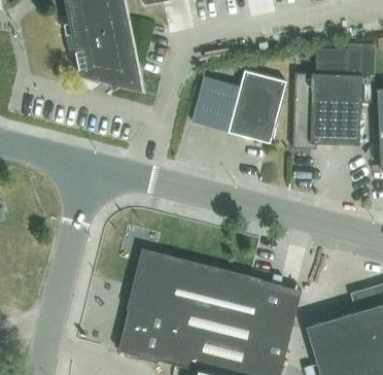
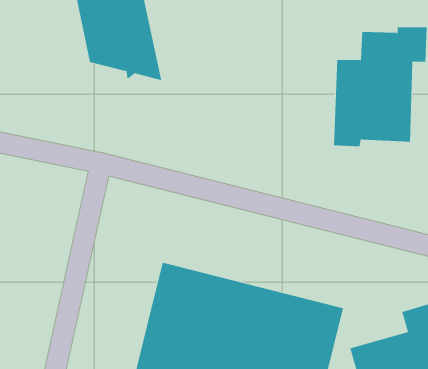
building: [193,70,286,143] -> none

